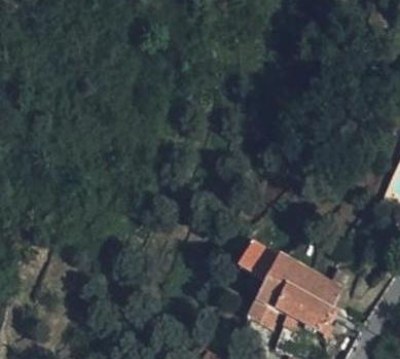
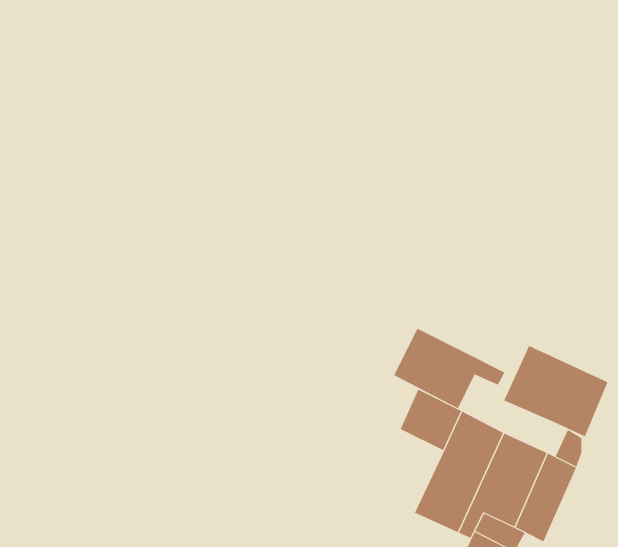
building: none -> [393,328,505,409]
building: none -> [504,345,608,437]

